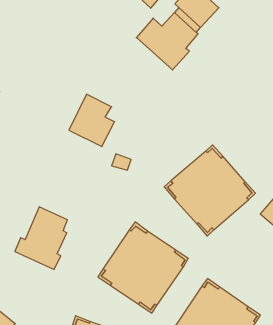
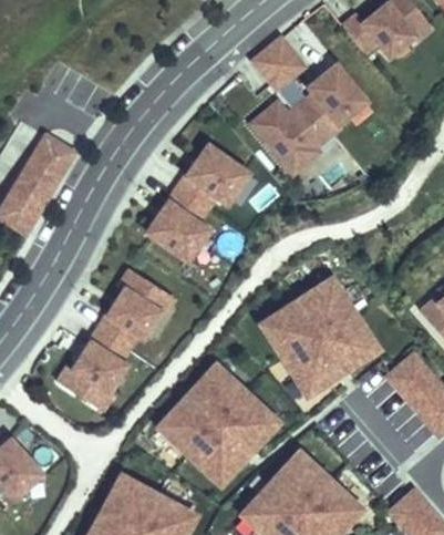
building: none -> [177,145,247,209]
building: none -> [94,267,174,348]

